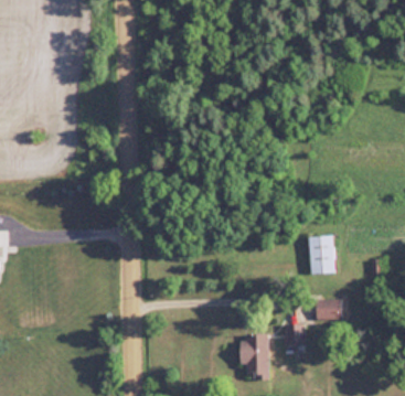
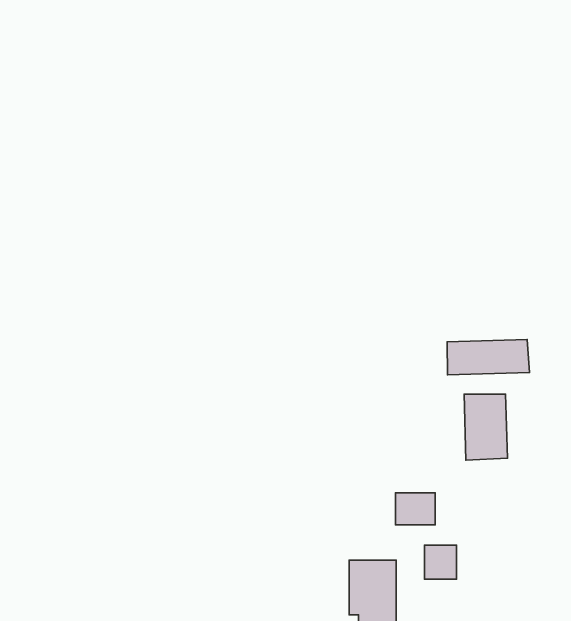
building: none -> [447,340,530,375]
building: [317,300,340,319] -> [396,493,435,525]

